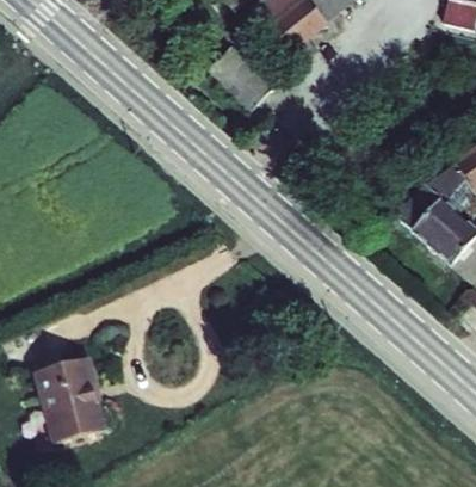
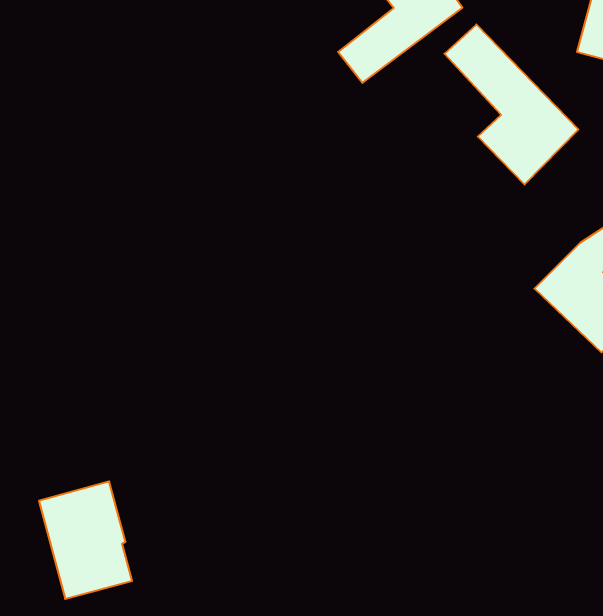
building: none -> [444,24,578,185]

